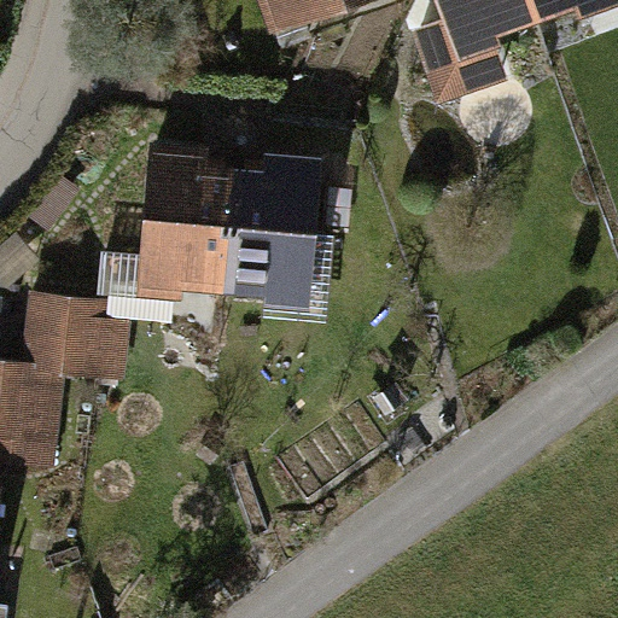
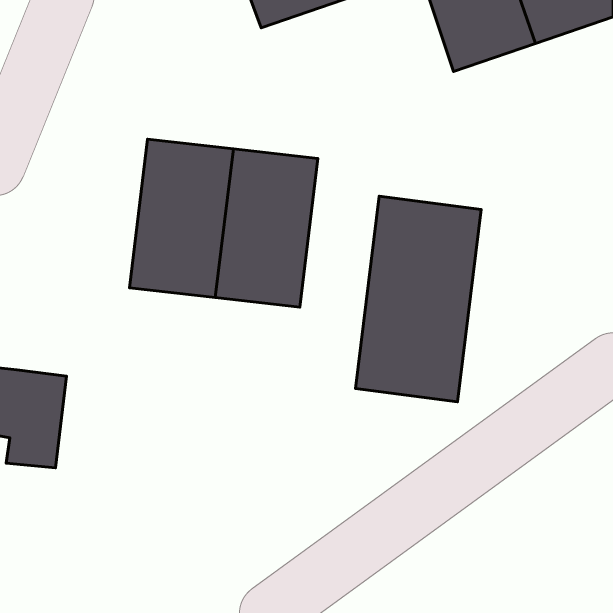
building: none -> [356,196,481,402]
building: [17,292,129,381] -> none

